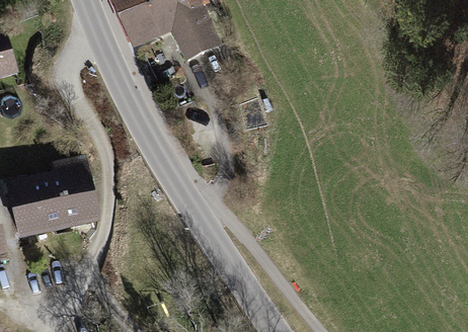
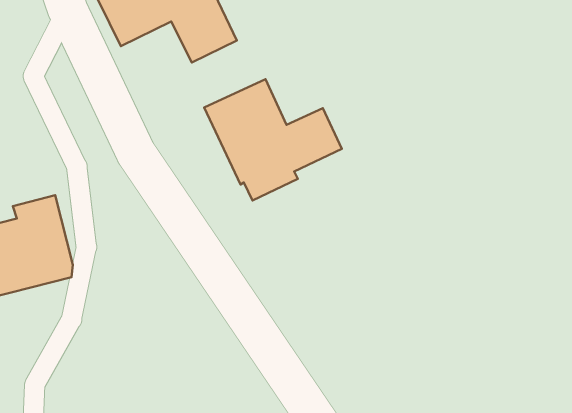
building: none -> [204,79,342,201]

